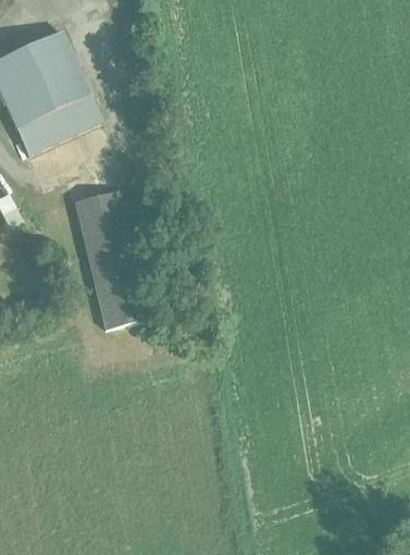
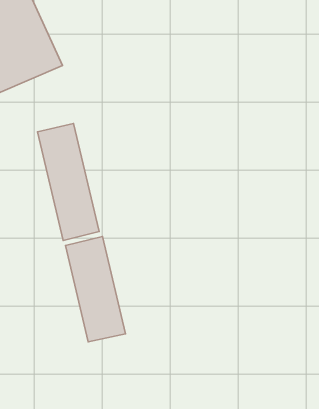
building: none -> [65,236,126,342]

